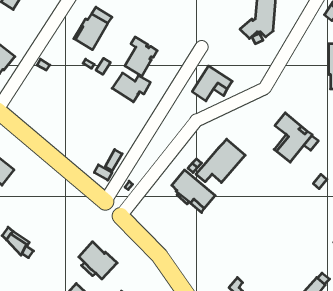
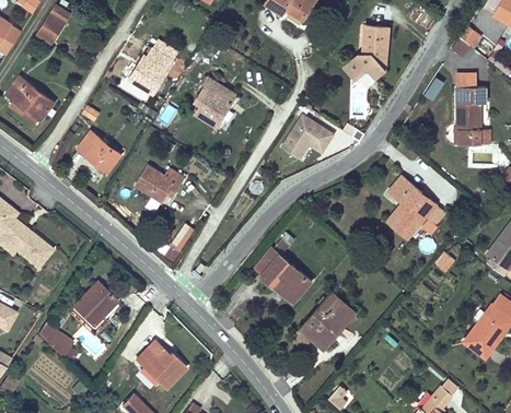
building: [112,73,150,102] -> [135,165,184,202]
building: none -> [77,131,120,172]
building: [196,139,245,183] -> [291,293,355,349]
building: none -> [72,281,116,324]

